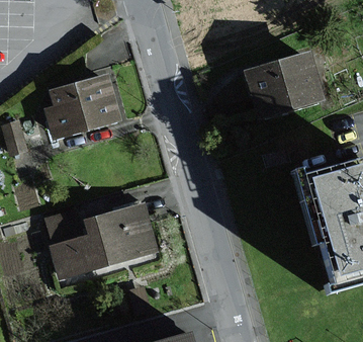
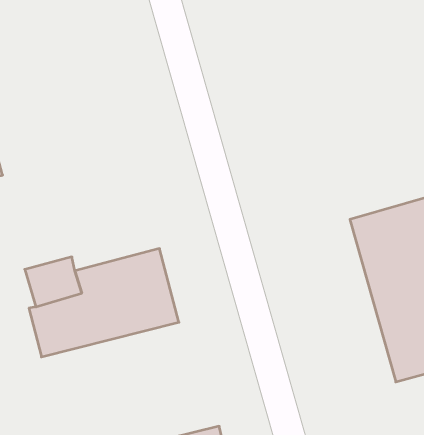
building: [246,54,324,117] -> none
building: [42,73,121,142] -> none

